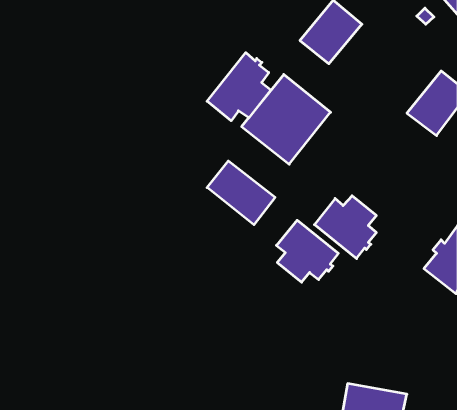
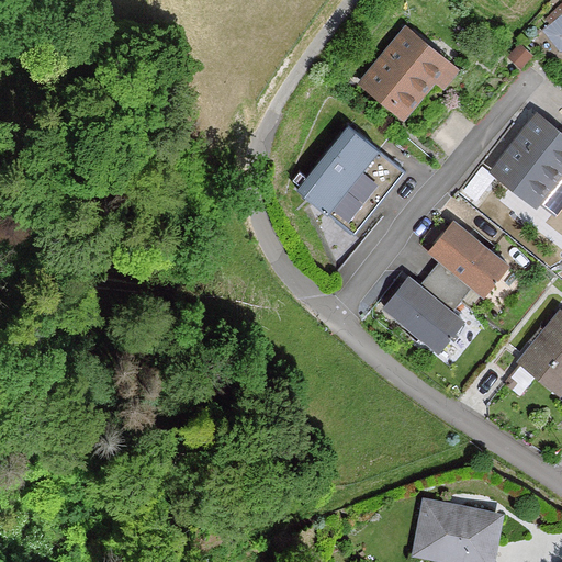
building: [207,53,271,121] -> none
building: [207,161,275,225] -> none
building: [276,220,338,282] -> [429,222,505,297]

